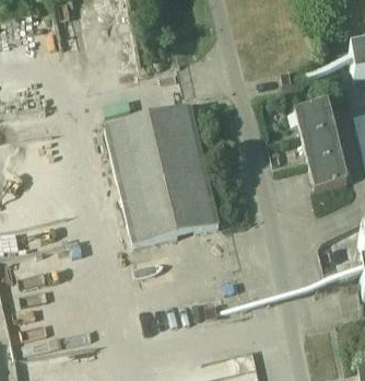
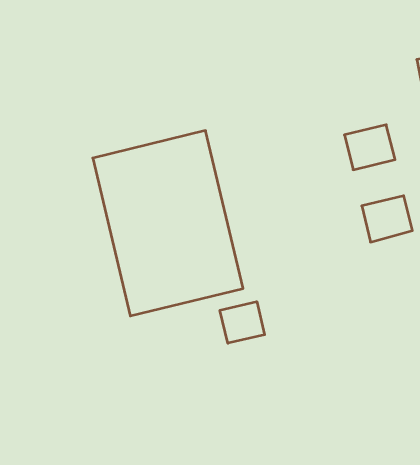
building: [301,124,339,159] -> none
building: none -> [220,302,265,343]

